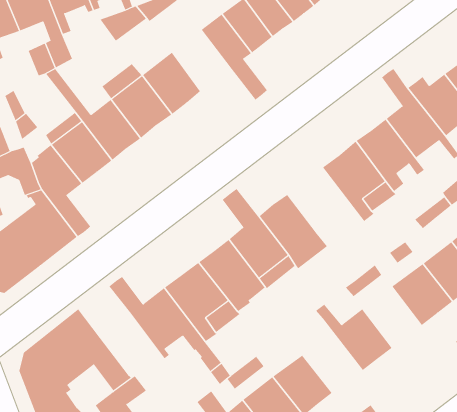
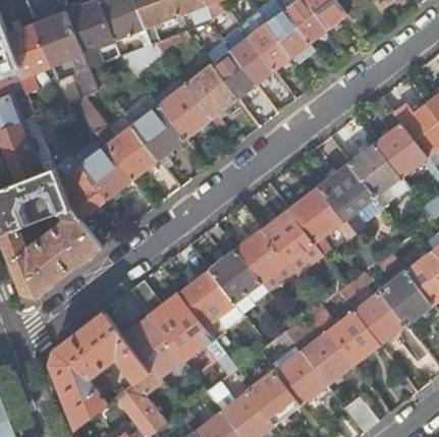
building: none -> [185,64,237,118]
building: none -> [287,185,354,243]
building: none -> [353,290,405,344]
building: none -> [122,315,186,372]
building: none -> [285,319,353,384]

